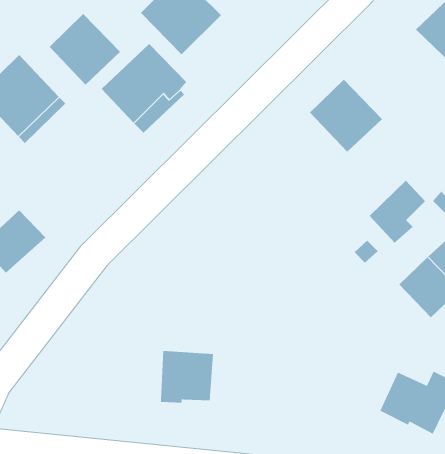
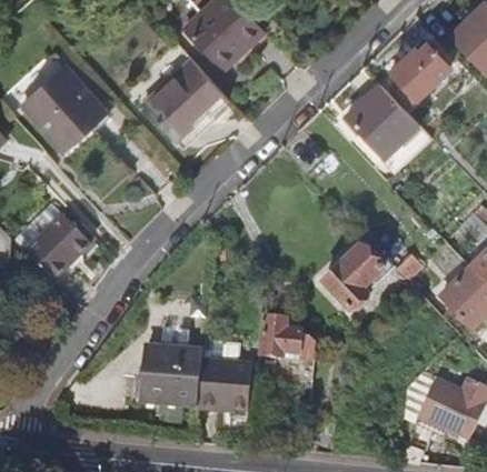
building: [49,13,121,85] -> none
building: none -> [397,50,454,103]
building: [369,180,426,244] -> [328,242,385,305]
building: none -> [262,307,304,360]
building: none -> [142,345,201,406]

